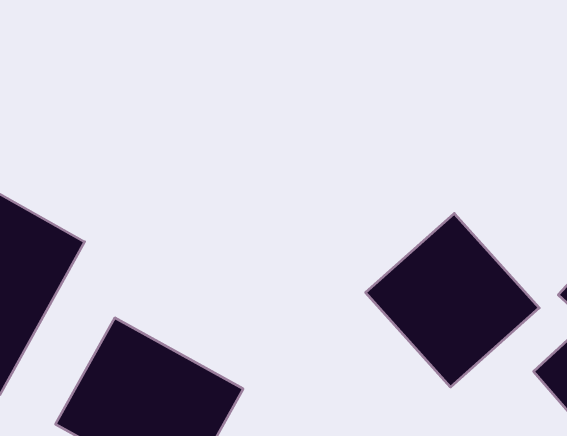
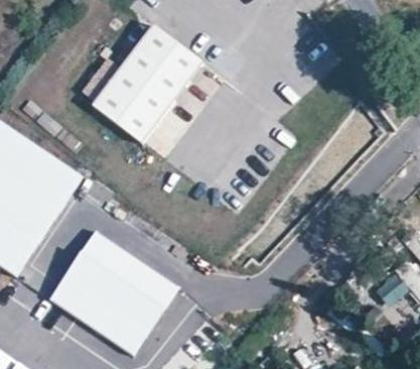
building: none -> [94,28,203,147]
building: [366,213,539,387] -> none

